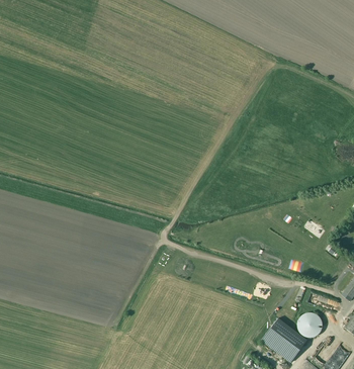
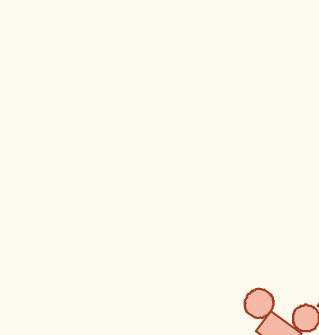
building: none -> [244,289,274,318]

